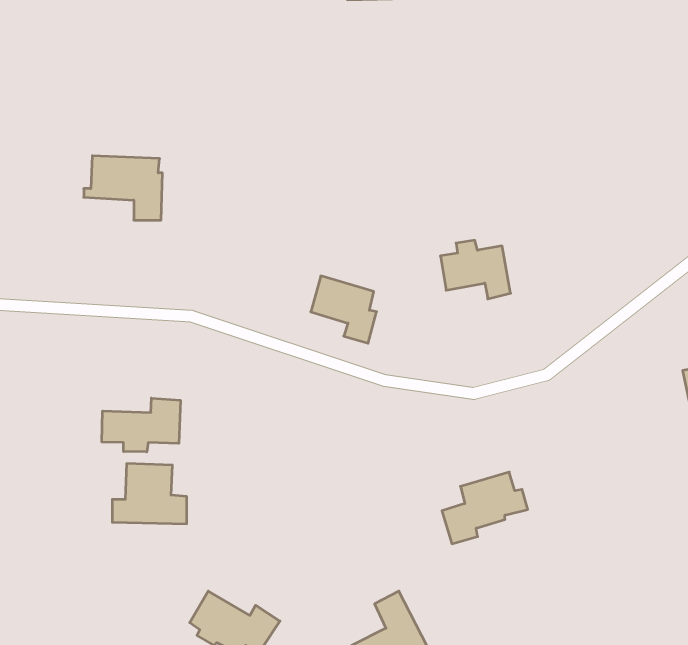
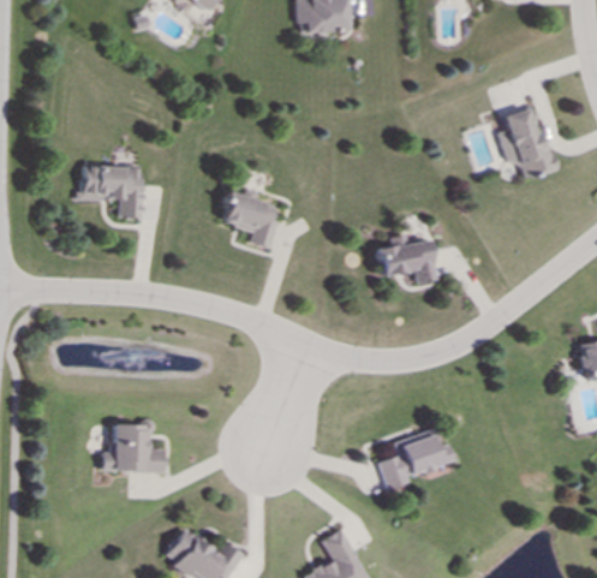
building: none -> [496,107,553,178]
building: [311,276,377,343] -> [221,191,276,248]
building: [102,398,180,452] -> none

